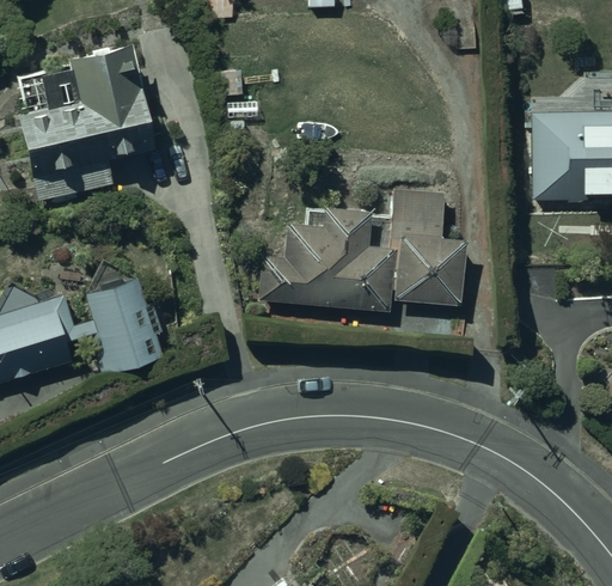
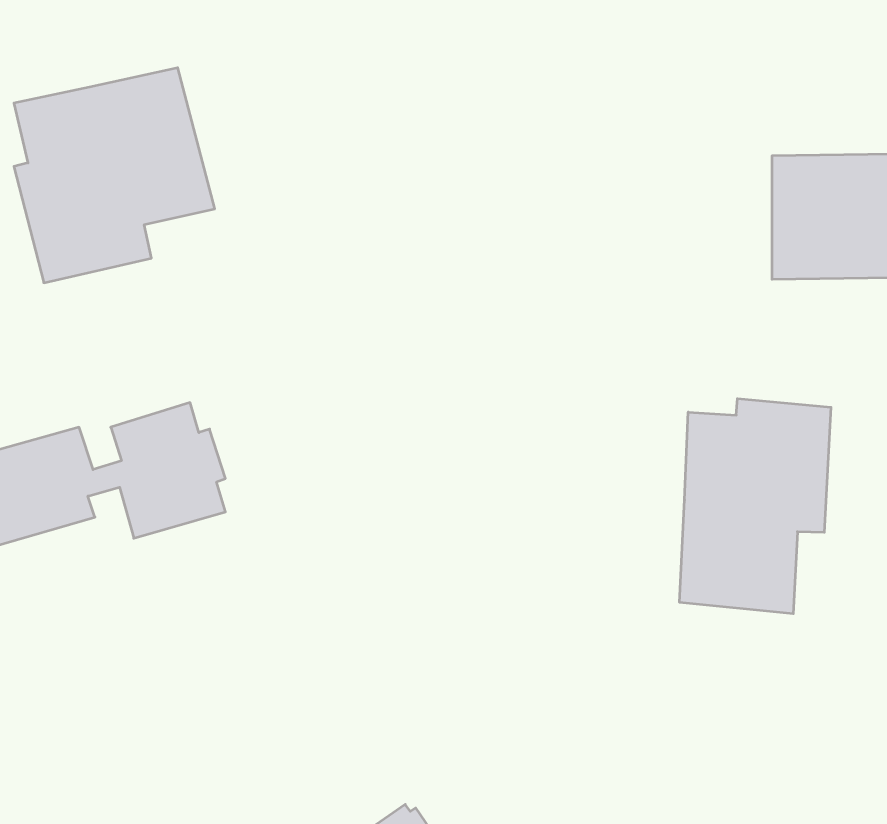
building: [257,187,466,307] -> none
building: none -> [680,399,831,614]

